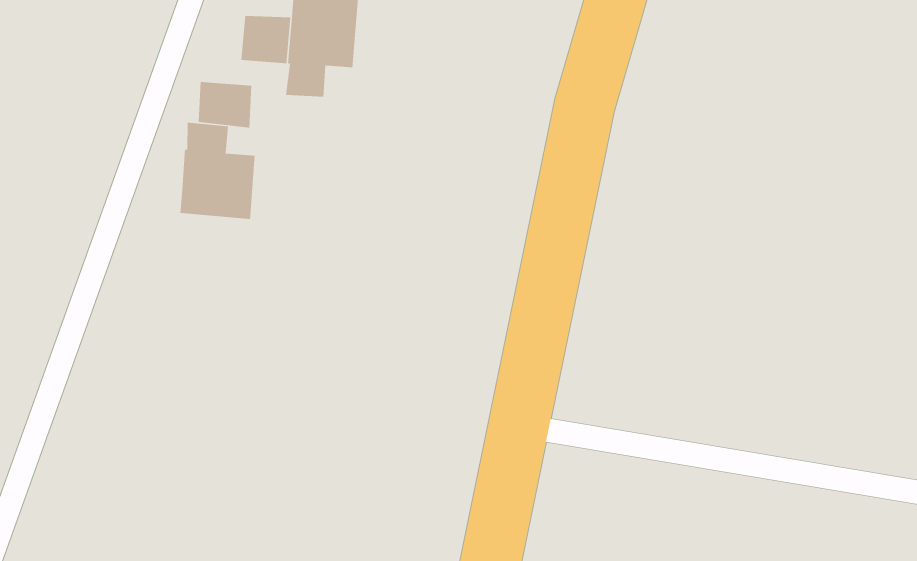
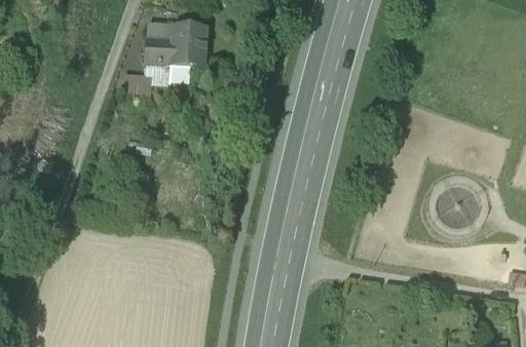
building: [180,122,255,220] -> none

